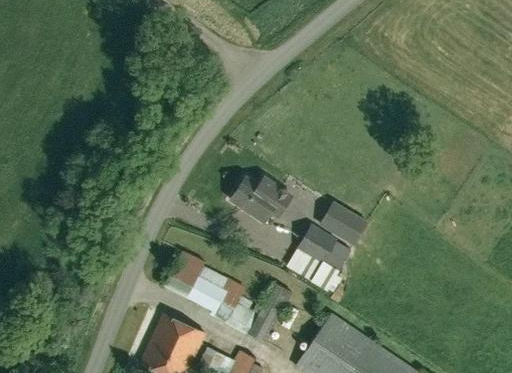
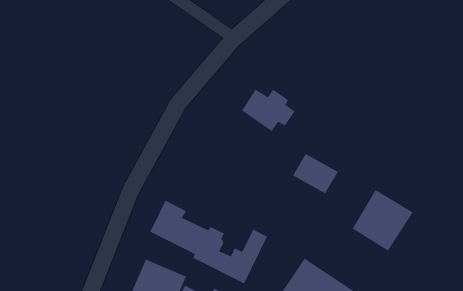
building: [231,176,289,222] -> [241,89,295,132]
building: [287,224,353,291] -> [352,189,413,252]

